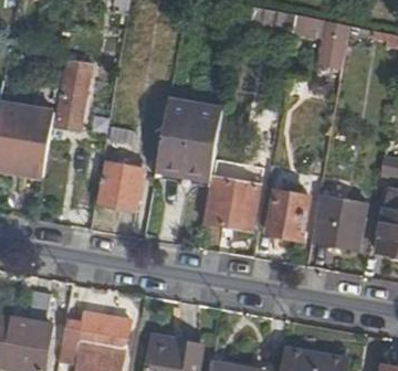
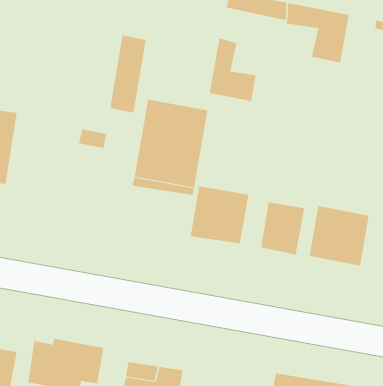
building: none -> [209,37,256,102]
building: [56,61,90,130] -> [109,35,147,113]
building: [98,160,148,212] -> none

